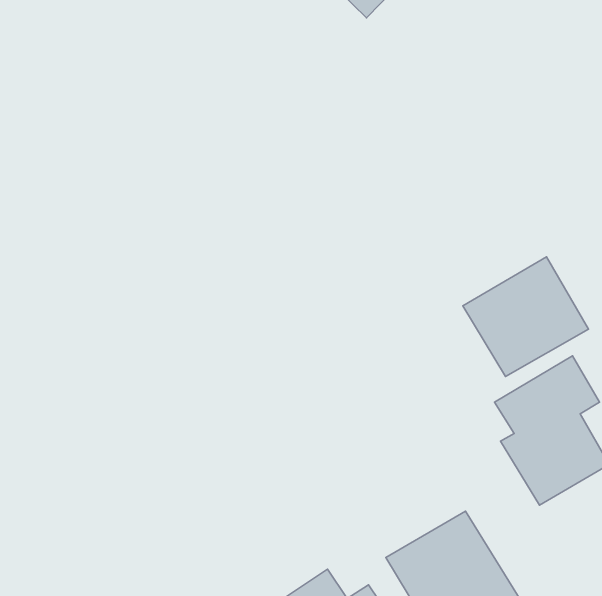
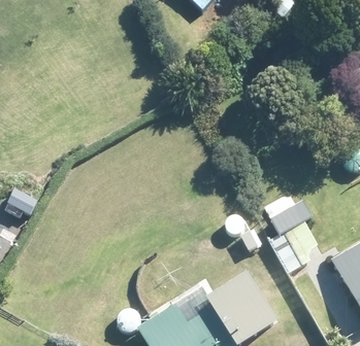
building: [463,257,588,377] -> none

